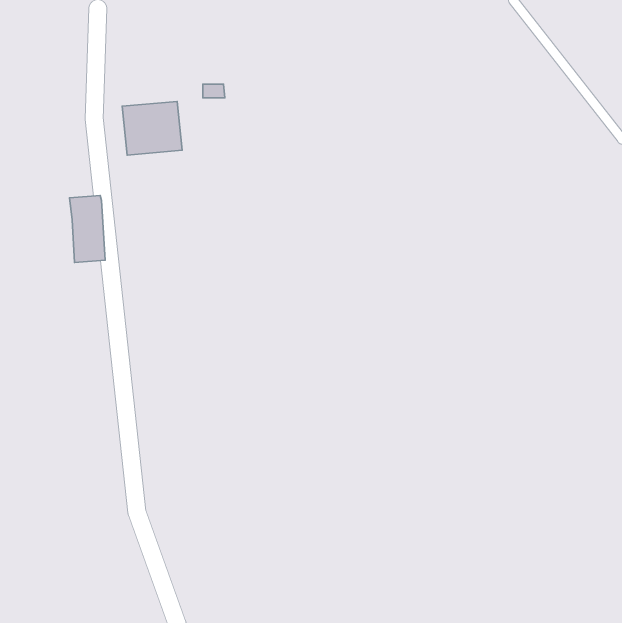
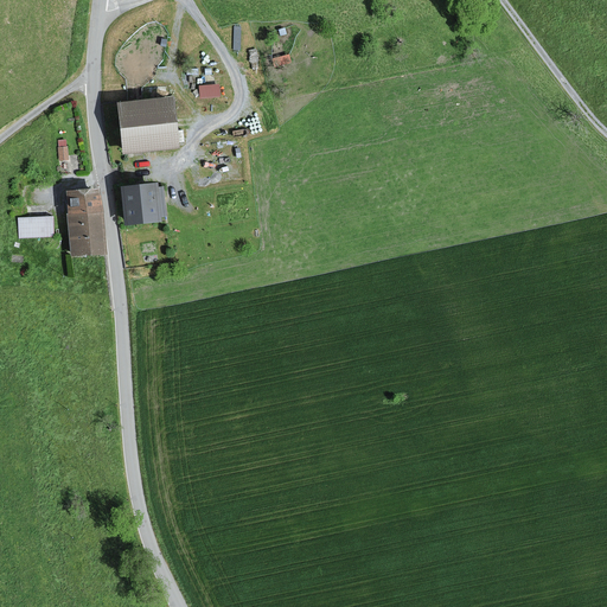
building: none -> [121,184,159,224]
building: none -> [15,215,52,236]

